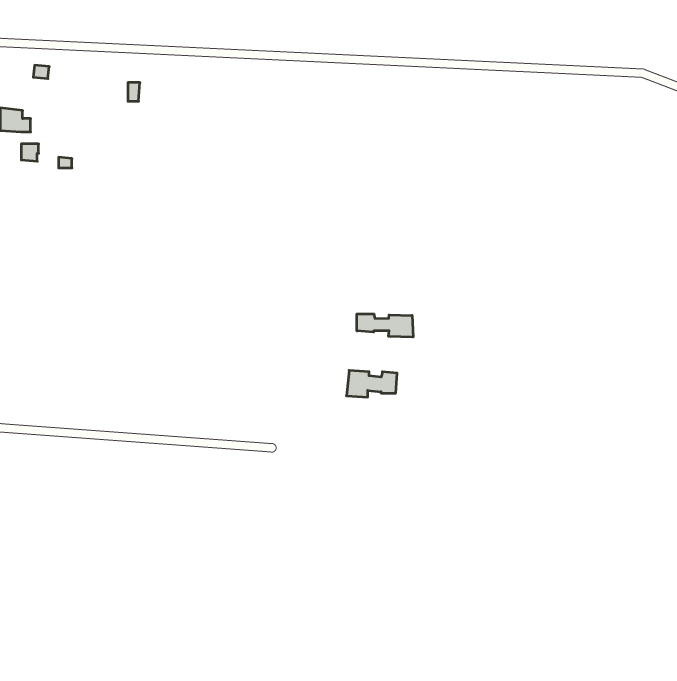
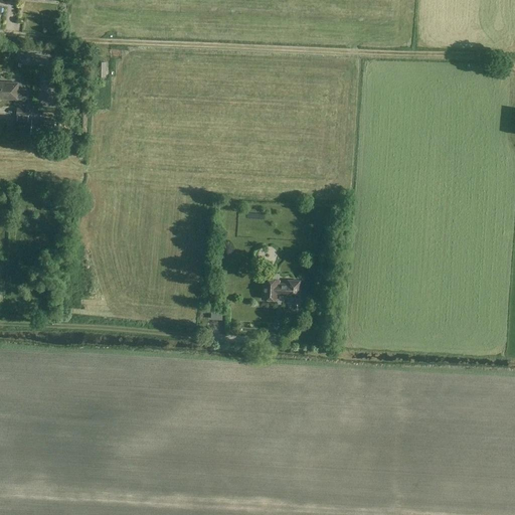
building: [357,314,413,337] -> none

